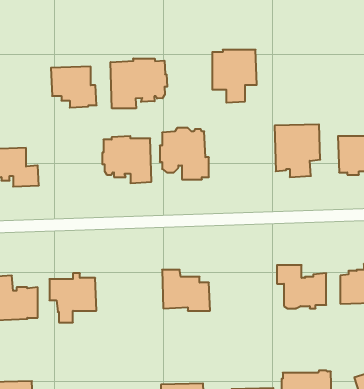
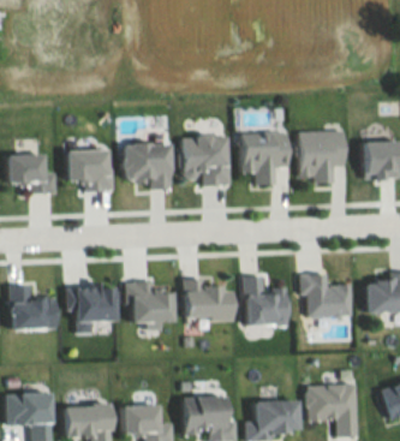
building: [212,50,257,103] -> [243,131,288,185]
building: [111,58,167,108] -> none
building: [51,67,97,108] -> [67,150,114,192]
building: none -> [244,275,289,326]
building: none -> [127,280,174,322]

